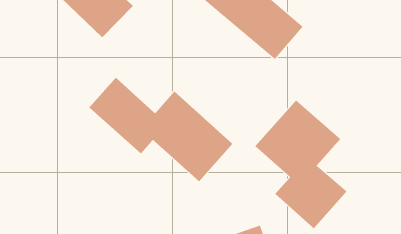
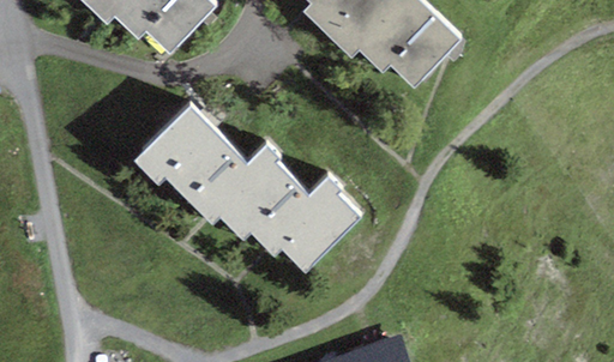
building: [255,100,347,229] -> none

